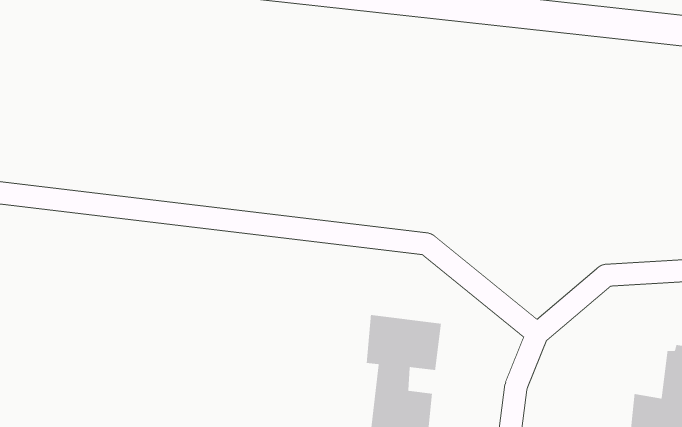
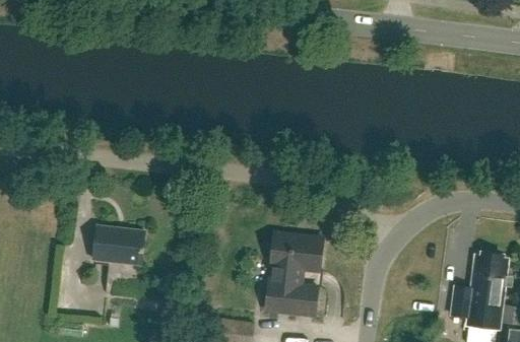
building: none -> [93,226,144,266]

